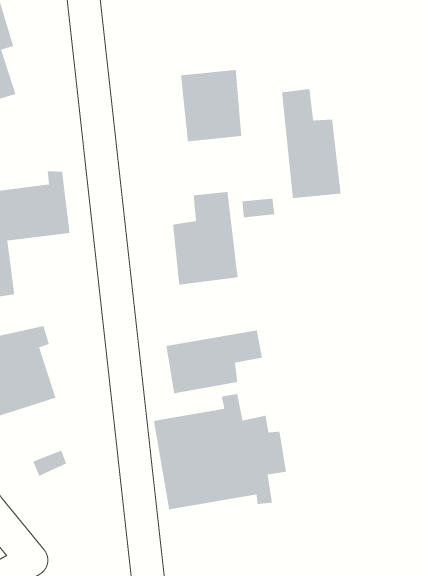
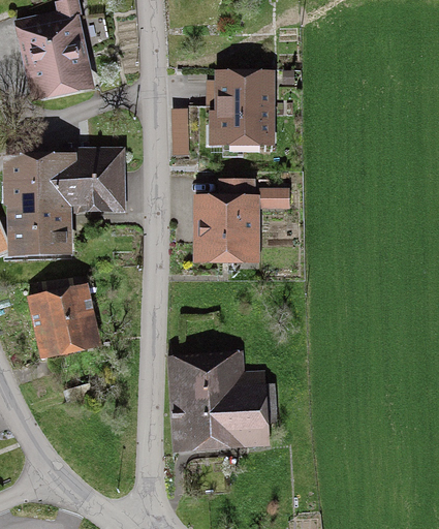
building: [281,88,341,199] -> none
building: [166,330,263,394] -> none

